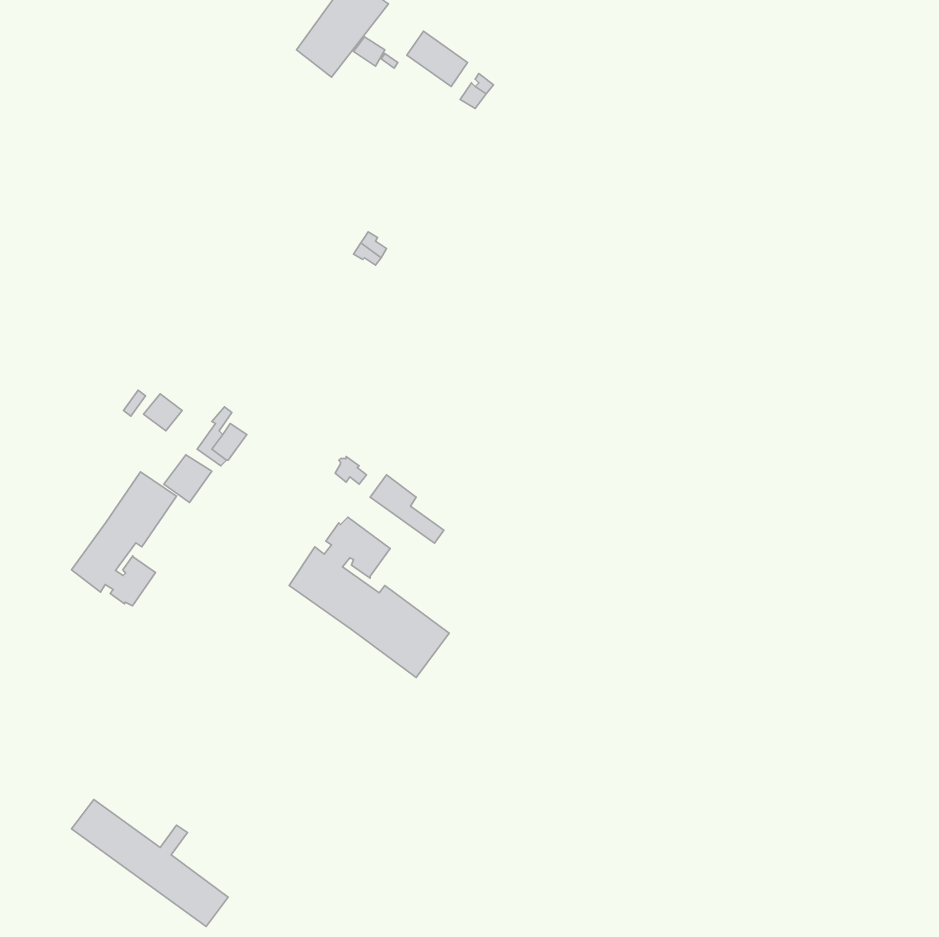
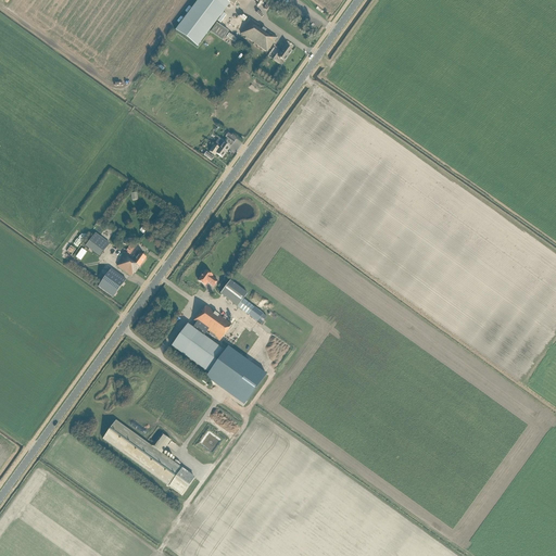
building: [71,472,177,606] -> none
building: [72,800,228,927] -> [101,419,193,494]

